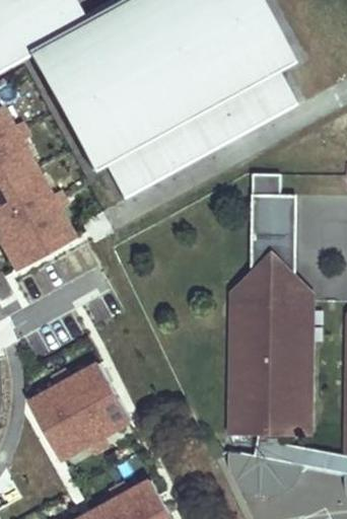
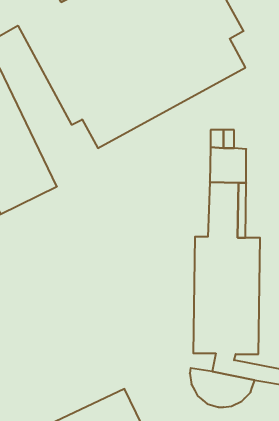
building: [29,360,133,459] -> none

